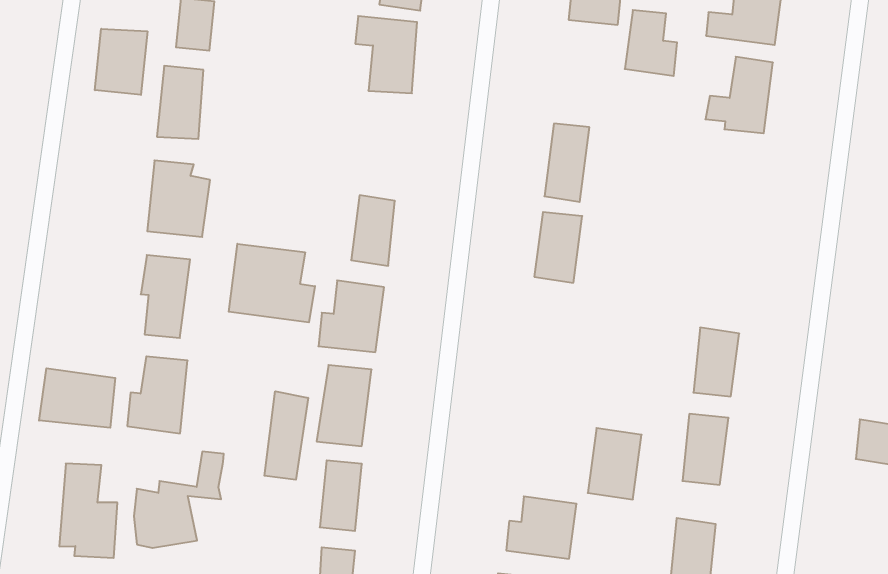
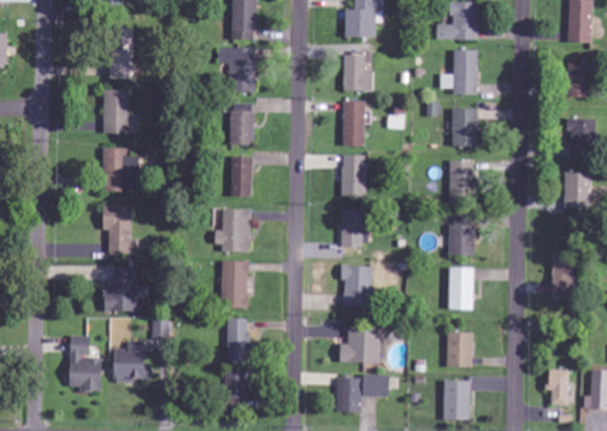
building: [625,10,677,76] -> [346,55,376,93]
building: [95,29,147,95] -> none
building: none -> [234,105,257,146]
building: none -> [449,108,473,147]
building: none -> [446,160,472,196]
building: [229,244,315,322] -> none
building: none -> [338,211,364,248]
building: [39,368,115,428] -> none
building: [264,391,308,480] -> none
building: [588,428,642,499] -> [344,266,373,307]

